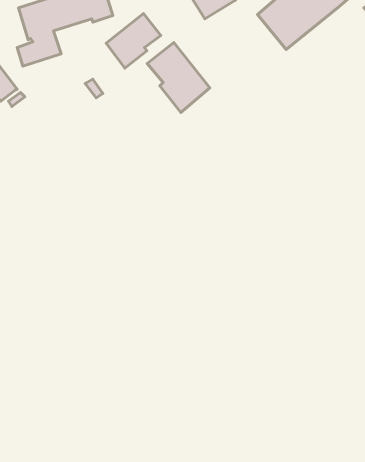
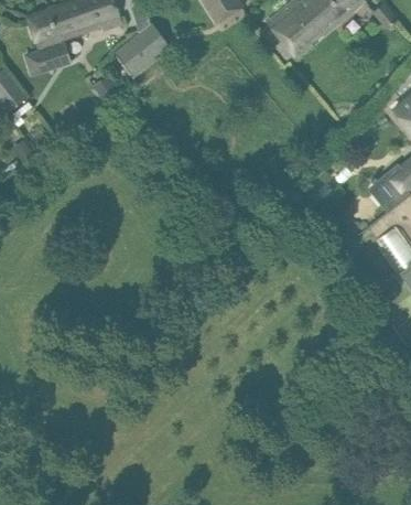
building: [147,43,210,112] -> none

